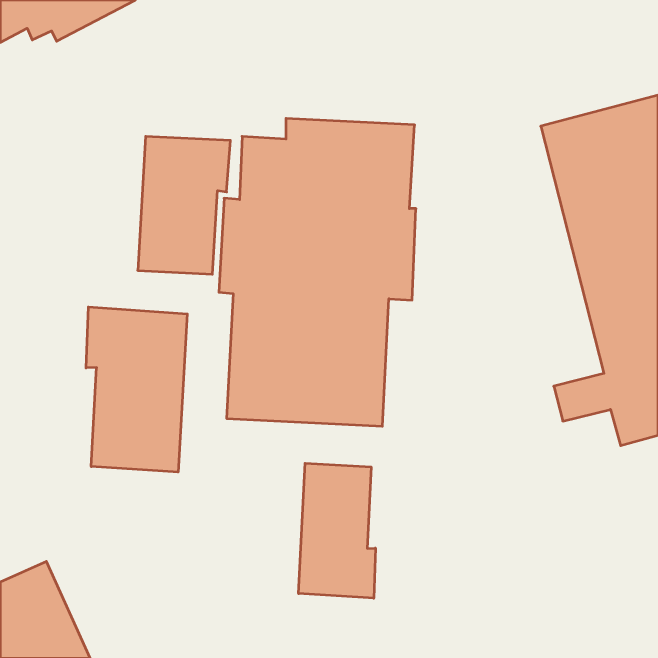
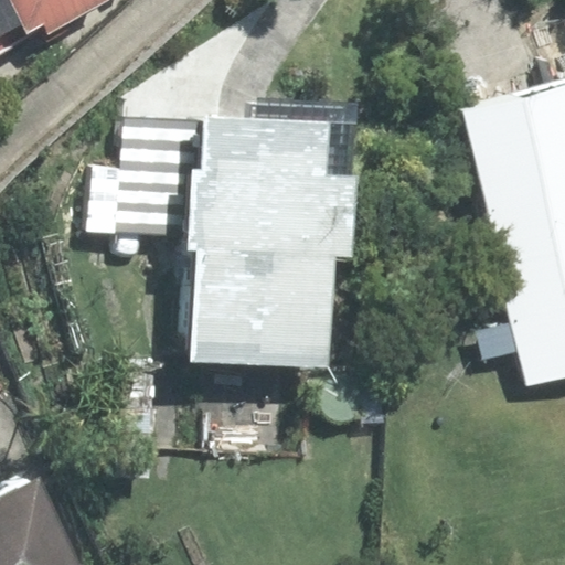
building: [86,307,187,472] -> none
building: [299,463,375,598] -> none

